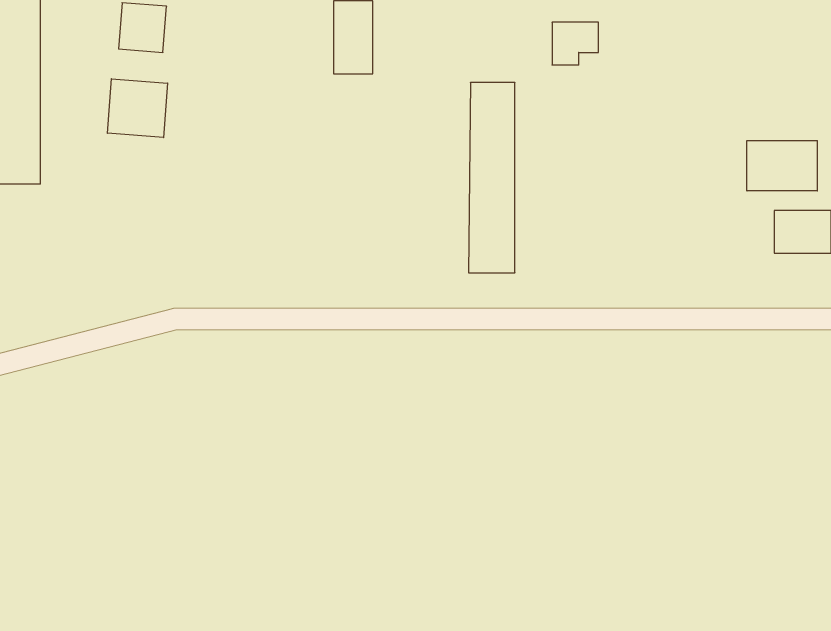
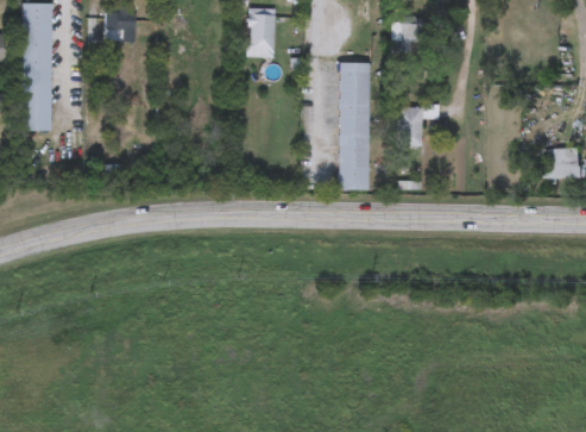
building: [107,79,168,138] -> none
building: [747,141,817,191] -> none
building: none -> [398,106,439,146]

